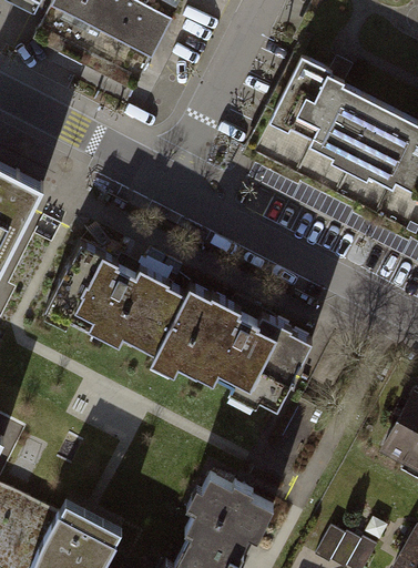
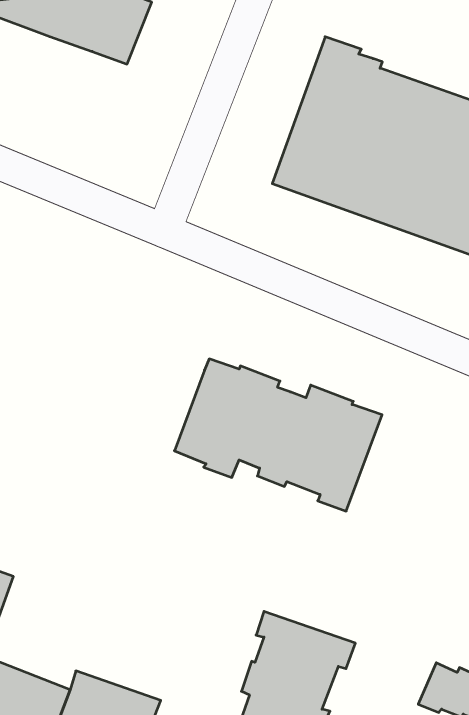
building: [47,243,185,352] -> none

